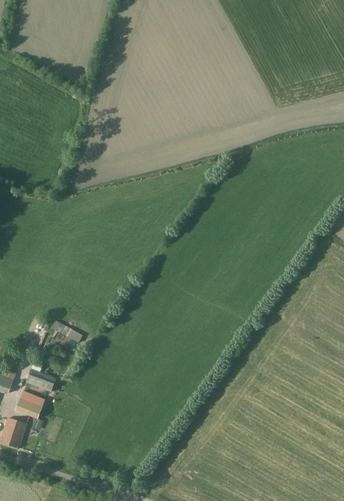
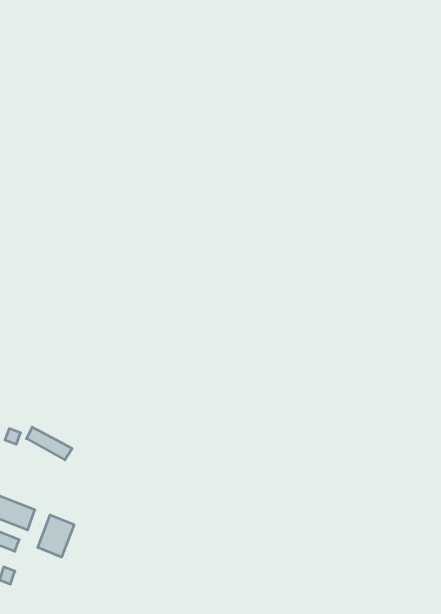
building: none -> [38,515,74,557]

